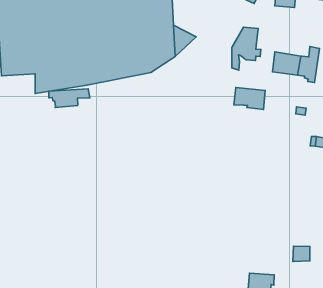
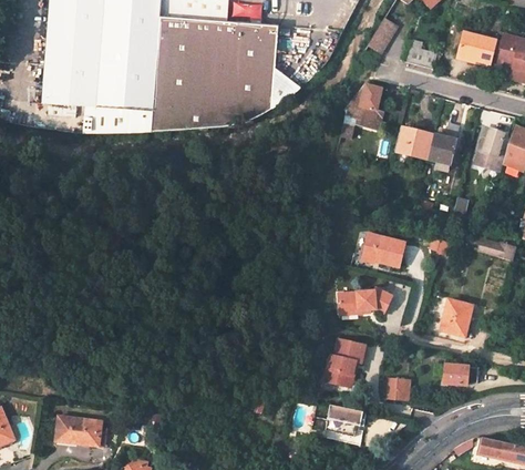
building: [234,88,265,110] -> [363,234,406,267]
building: [49,89,90,107] -> none
building: none -> [339,288,393,315]
building: none -> [325,339,362,387]

